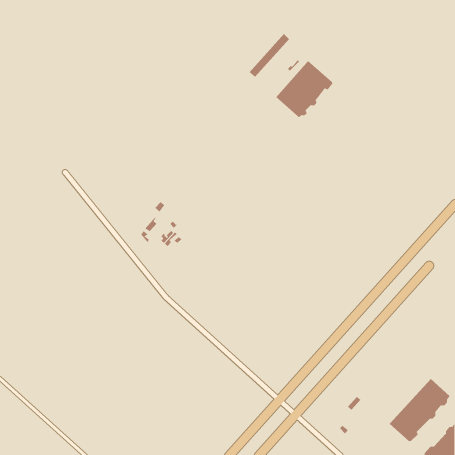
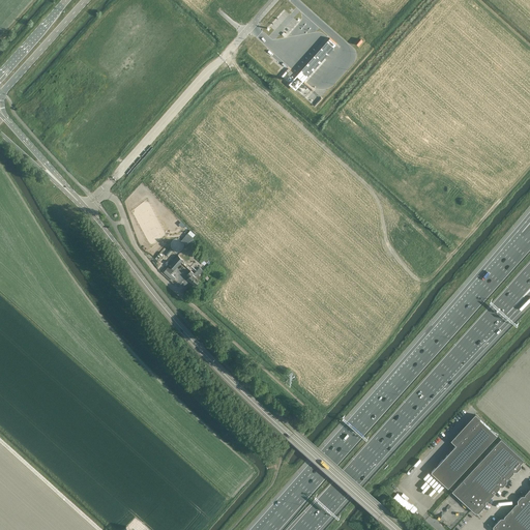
building: [275,60,333,118] -> none
building: none -> [431,416,496,490]

